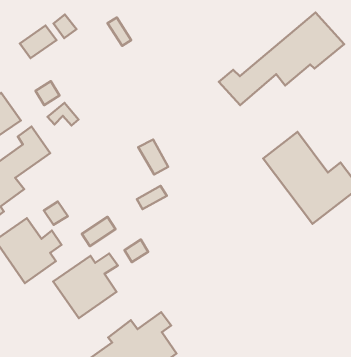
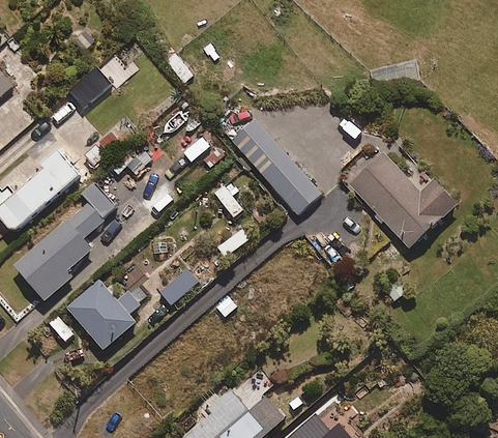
building: [219,13,344,105] -> none
building: none -> [230,118,322,216]
building: [53,253,118,318] -> none

